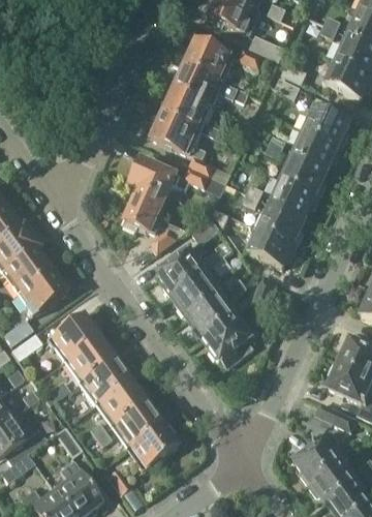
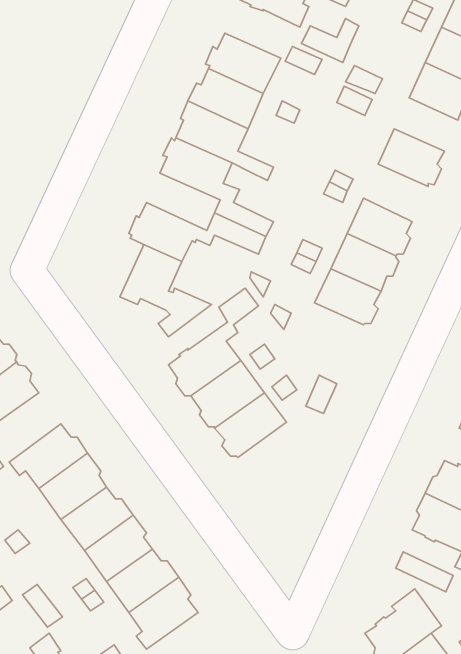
building: [292,130,340,171] -> none
building: [248,227,296,268] -> none
building: [205,311,254,364] -> none

